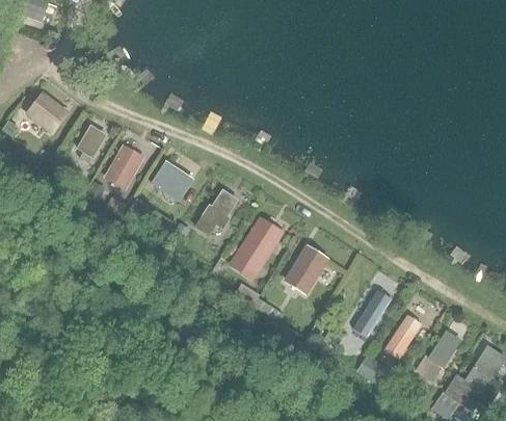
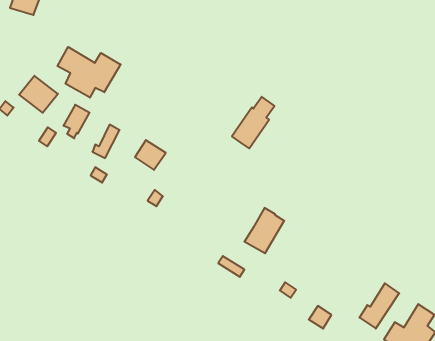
building: none -> [57,47,121,98]
building: [194,187,240,235] -> none
building: [232,217,281,277] -> [232,97,274,148]
building: [348,286,390,339] -> none
building: [383,314,422,359] -> none

